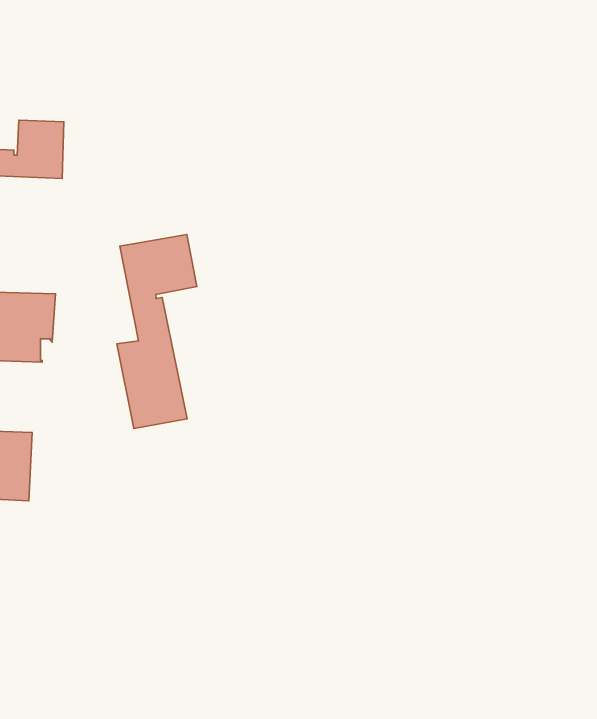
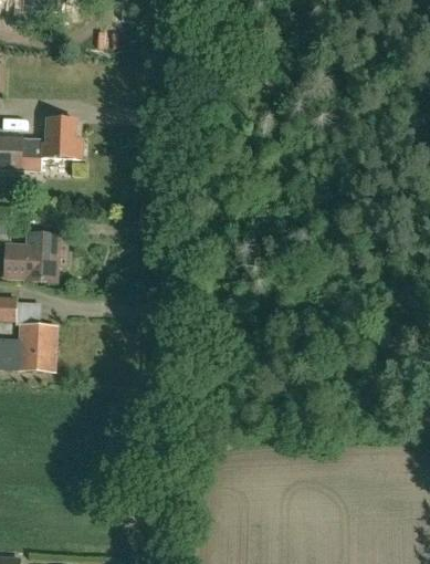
building: [117,234,197,429] -> none

